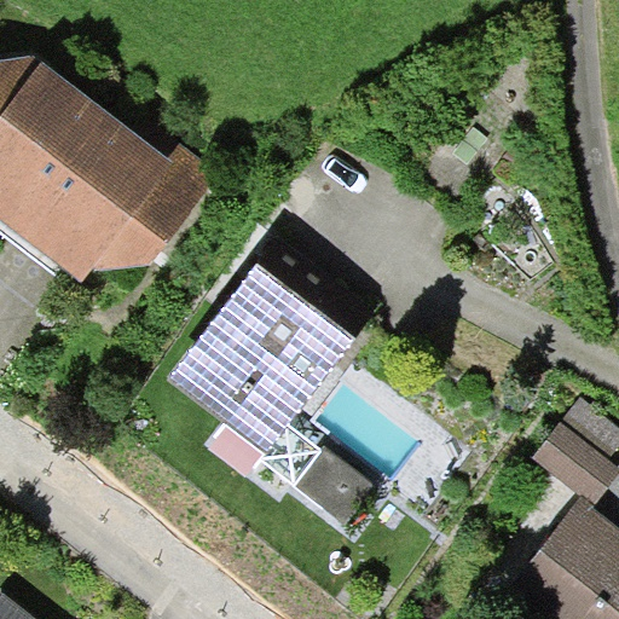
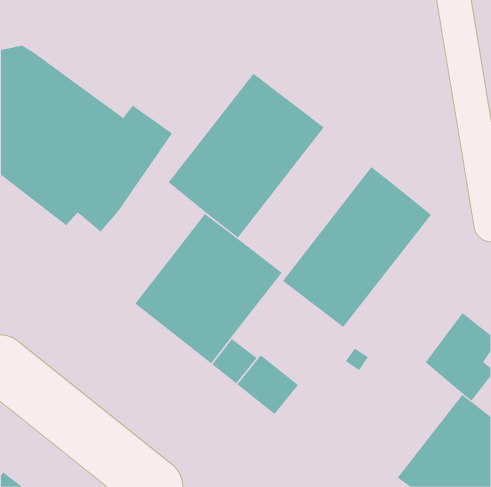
building: none -> [168,73,325,239]
building: none -> [282,166,432,328]

